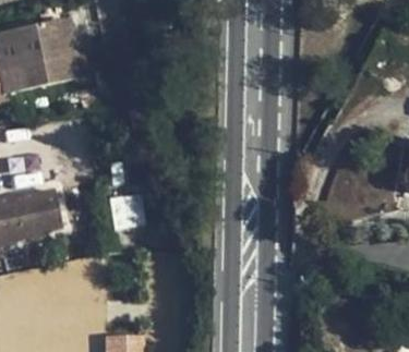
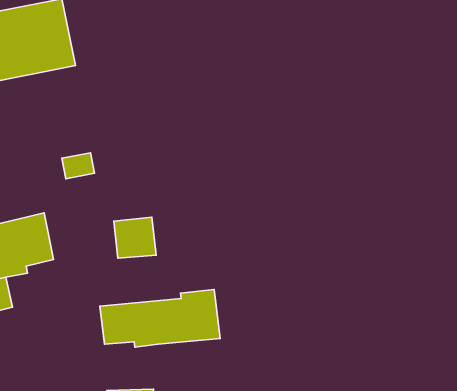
building: none -> [100,289,220,347]

